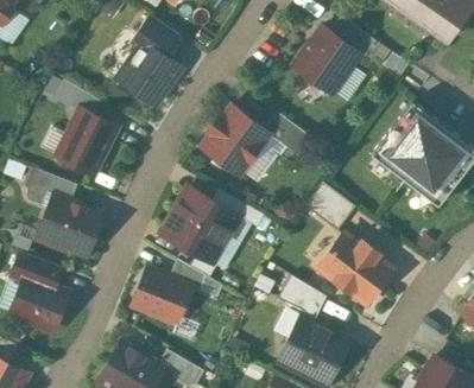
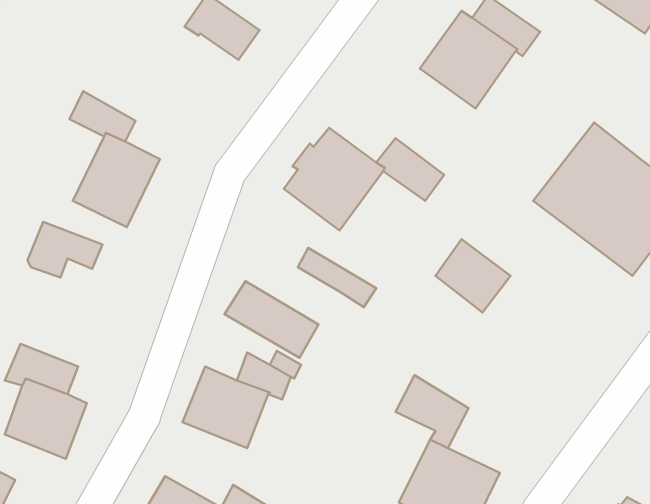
building: [118,43,181,106] -> none
building: [175,189,239,241] -> none
building: [38,196,102,257] -> none
building: [317,235,392,305] -> none

